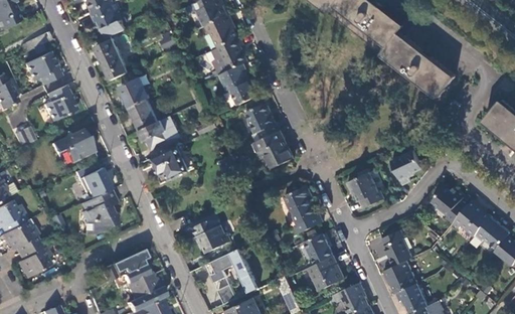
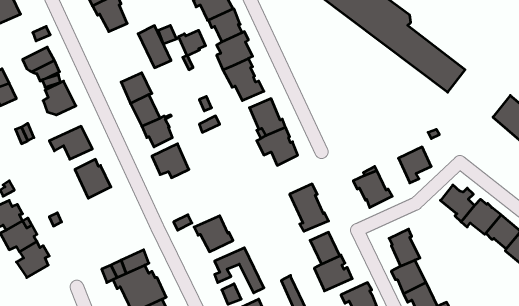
building: none -> [179,30,206,56]
building: [95,38,127,80] -> [138,26,171,68]
building: [79,189,115,234] -> none

